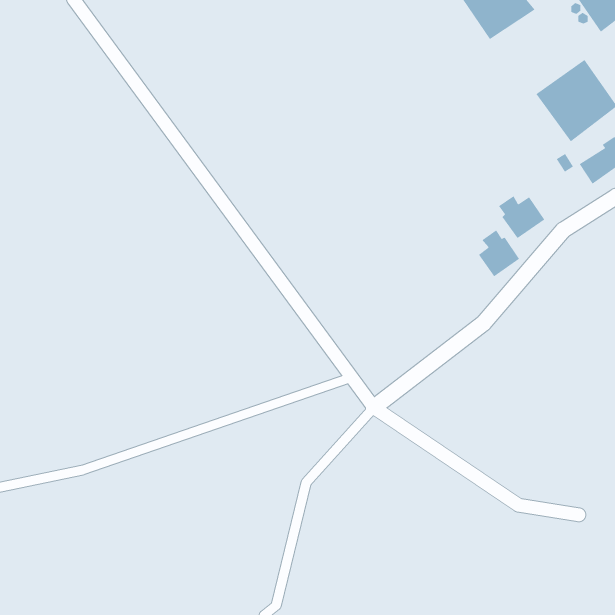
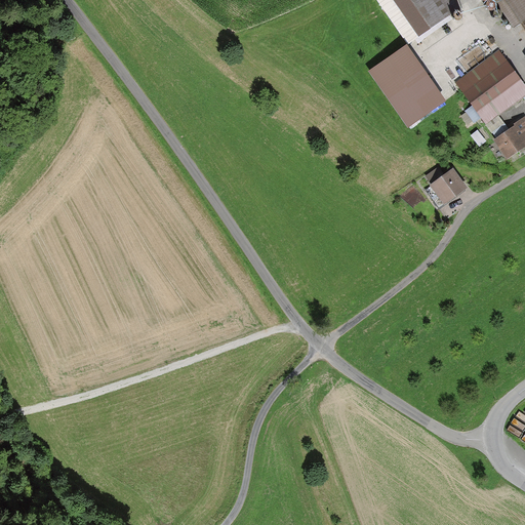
building: none -> [371,47,448,131]
building: [478,230,520,277] -> none

